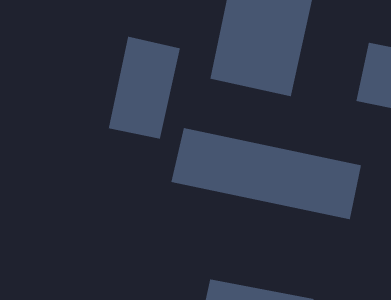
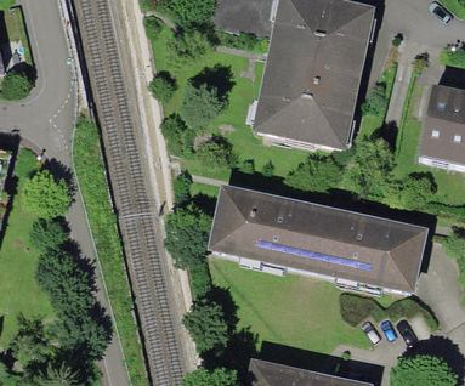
building: [108,36,180,139] -> none

